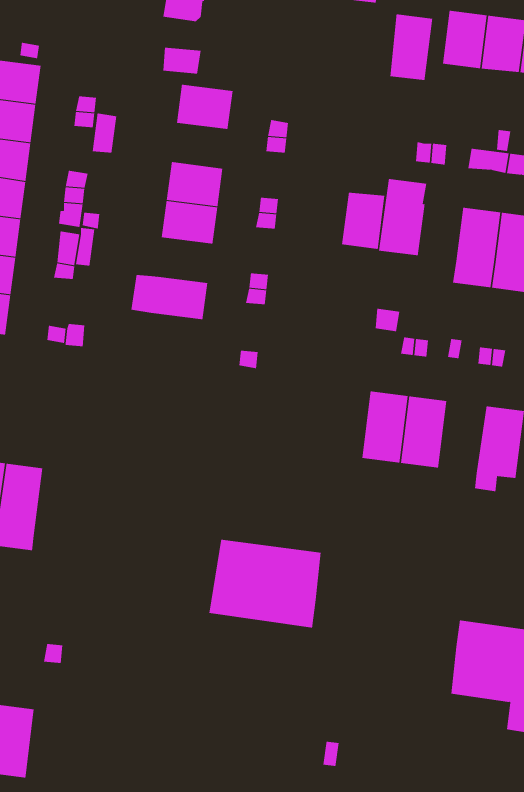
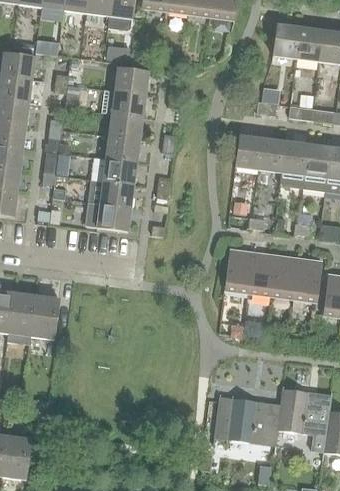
building: [390,13,433,81] -> none
building: none -> [101,89,146,117]
building: [341,192,385,250] -> [259,138,285,172]
building: none -> [91,157,137,185]
building: none -> [97,203,131,231]
building: none -> [271,255,299,298]
building: none -> [31,295,59,338]
building: [209,539,321,628] -> [214,393,281,446]

